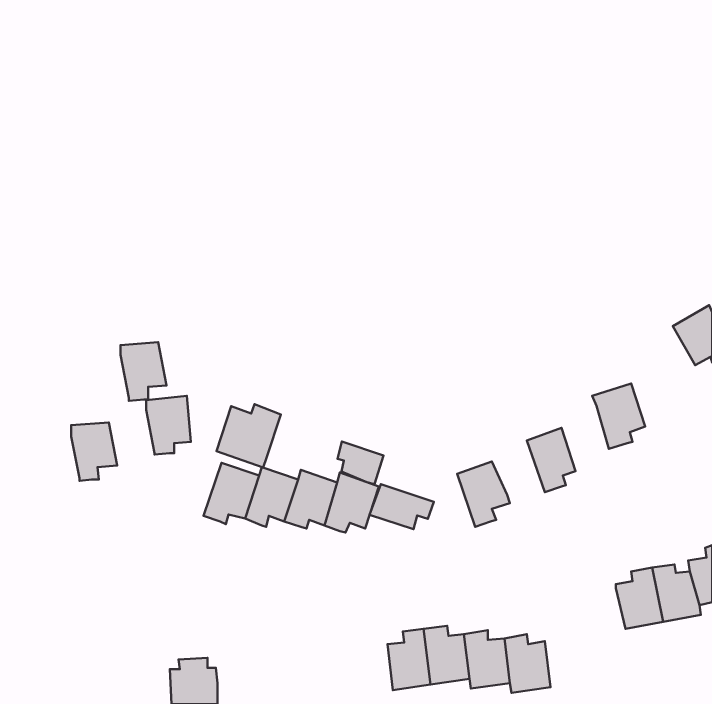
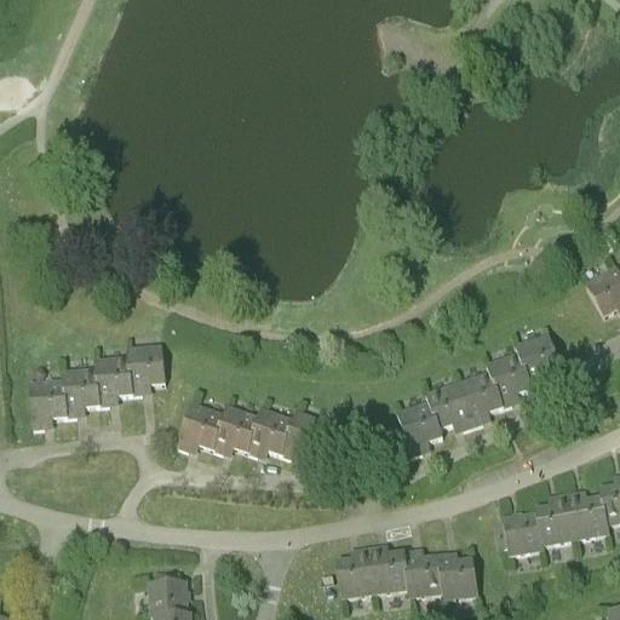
building: [120,342,166,401] -> [94,356,134,407]
building: [216,404,281,467] -> none
building: none -> [486,352,529,409]
building: none -> [30,379,69,430]
building: none -> [425,383,473,434]
building: [337,442,383,484] -> none
building: [370,484,434,529] -> none
building: none -> [494,511,545,556]

